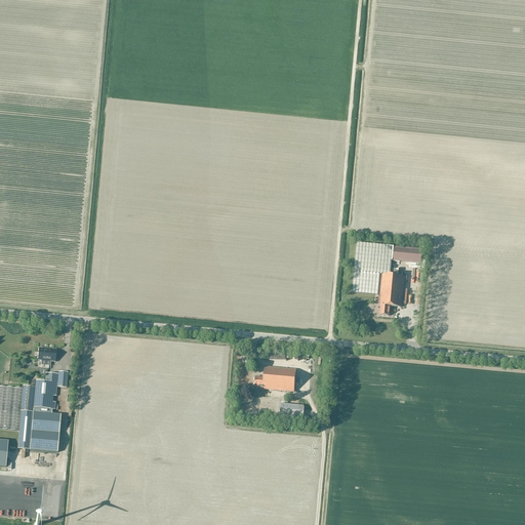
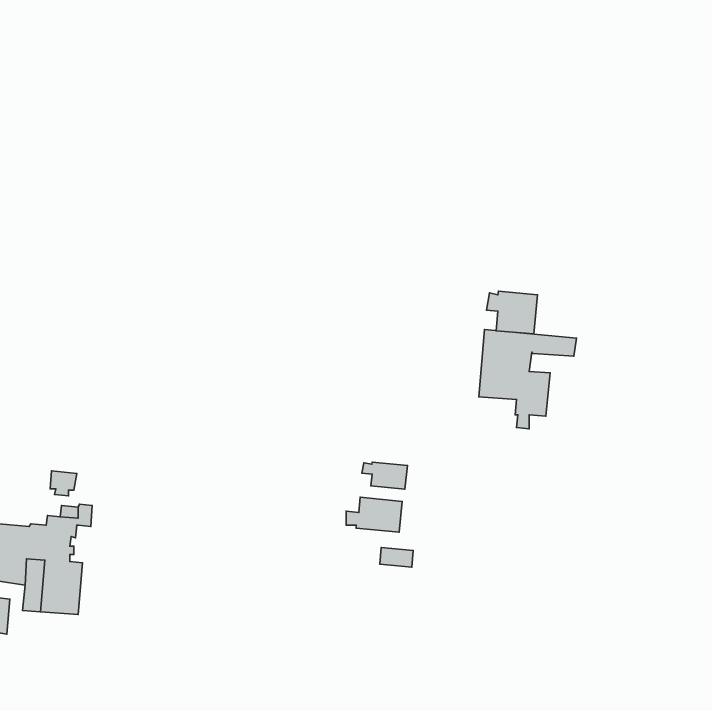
building: none -> [487,291,537,334]
building: none -> [362,462,407,489]

